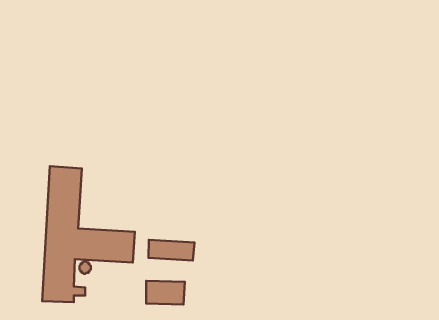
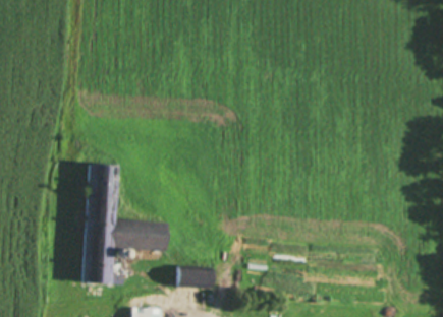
building: [148,240,195,260] -> none

